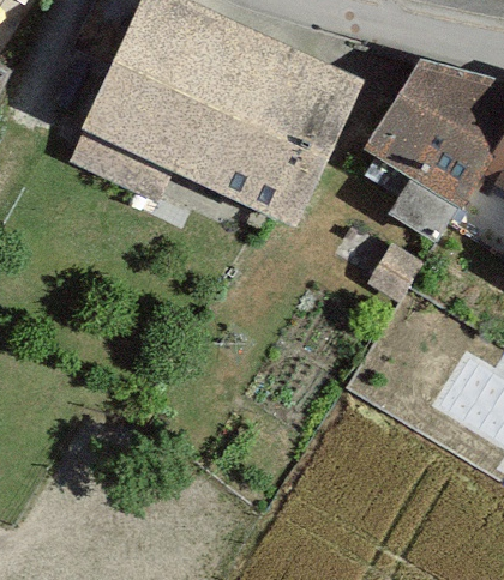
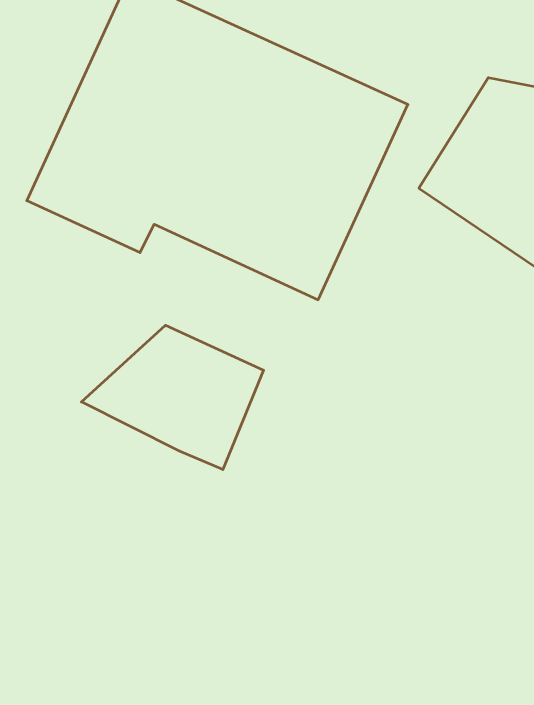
building: none -> [81,325,264,470]

